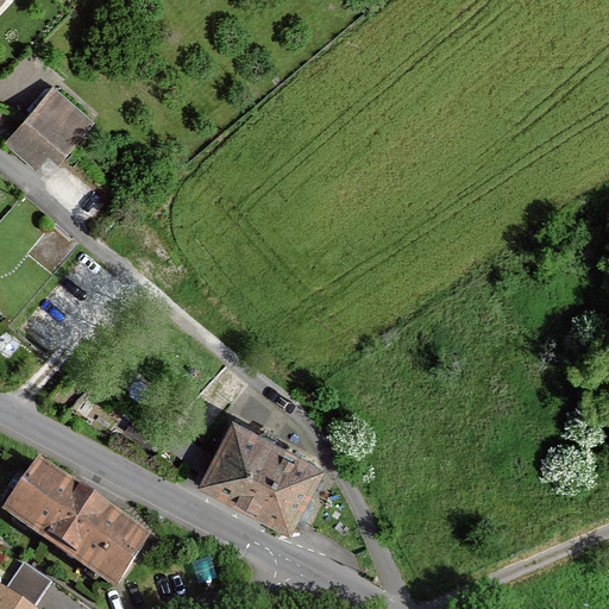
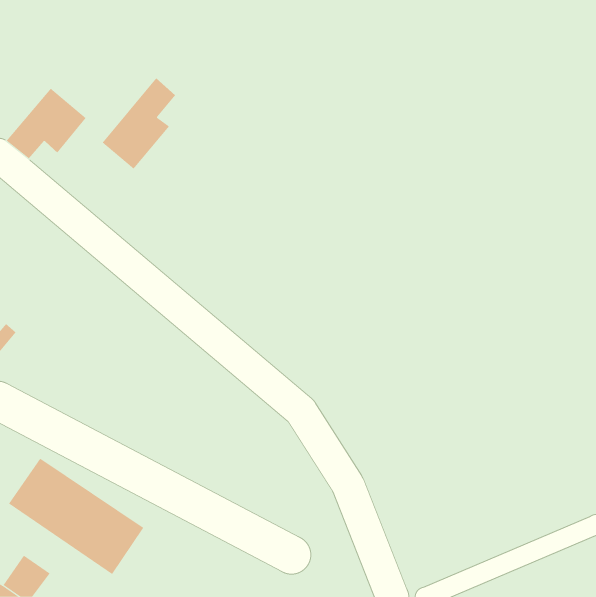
building: none -> [102,78,176,169]
building: [201,421,320,529] -> none

